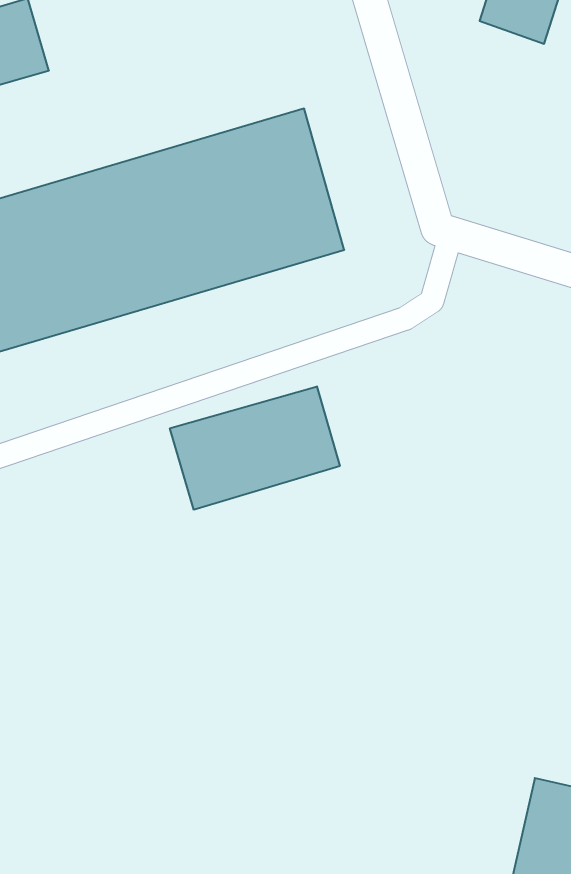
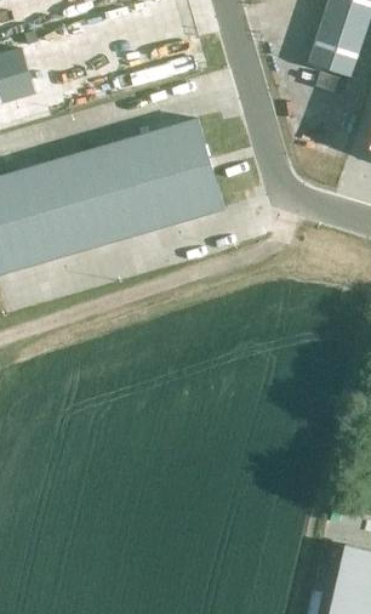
building: [170,386,340,510] -> none

